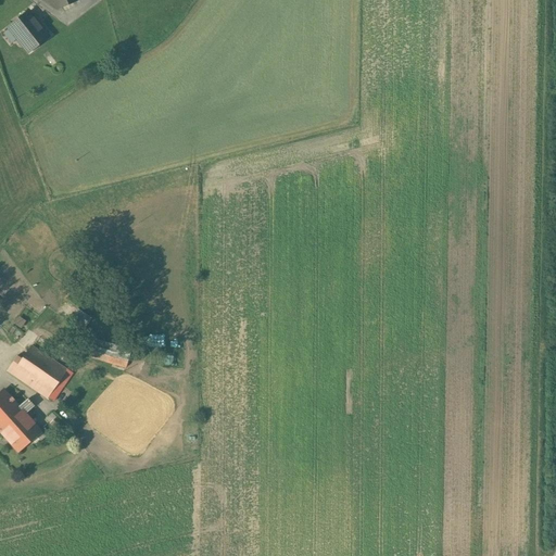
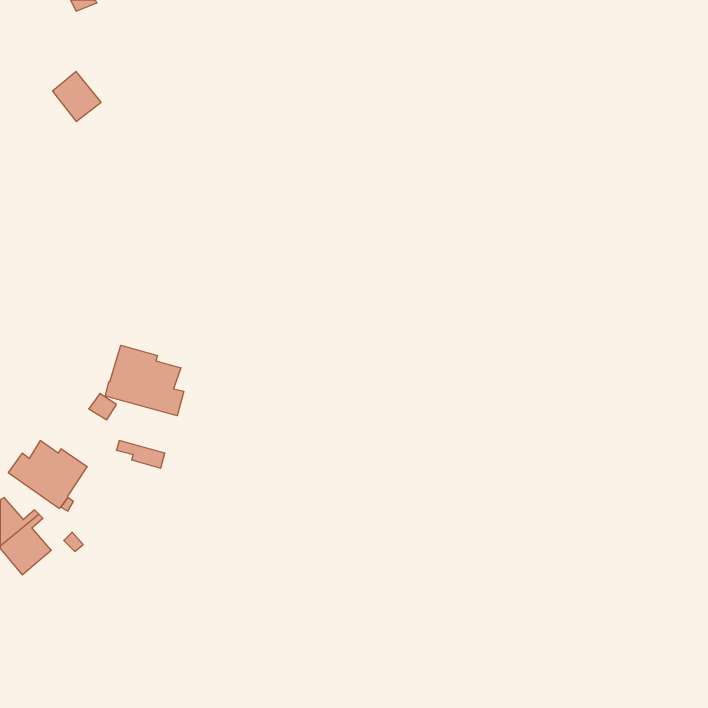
building: [10,13,48,52] -> [53,72,101,122]
building: none -> [106,345,184,416]

